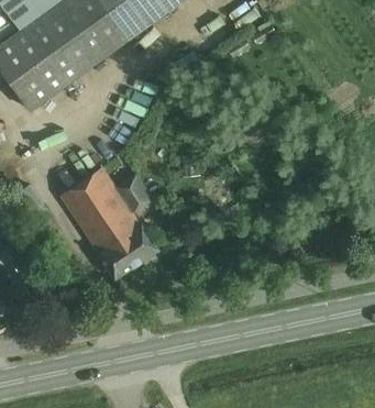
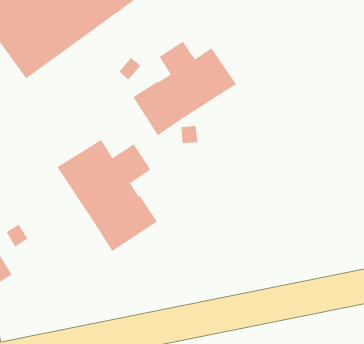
building: none -> [132,41,237,136]

